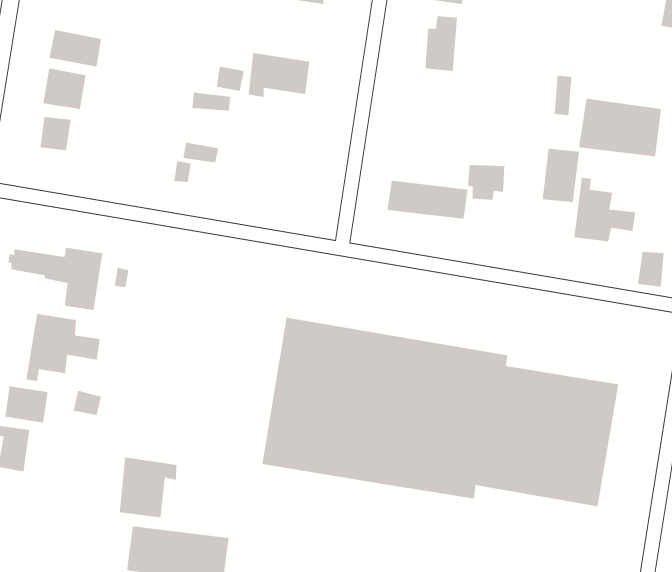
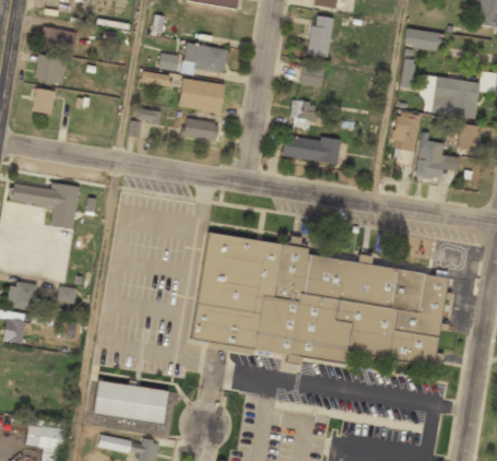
building: none -> [405,29,439,49]
building: none -> [300,66,324,87]
building: none -> [179,79,225,111]
building: none -> [184,118,220,142]
building: [467,164,505,201] -> [291,102,318,128]
building: [637,251,665,288] -> [459,125,478,151]
building: [25,313,100,382] -> none
building: [119,457,178,518] -> none

